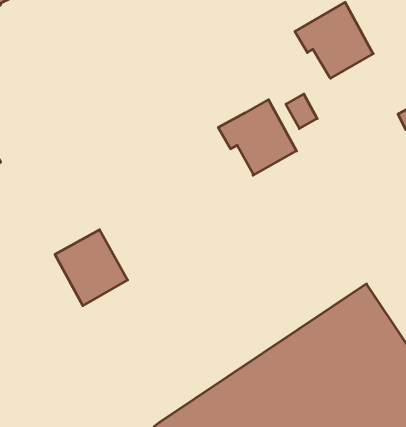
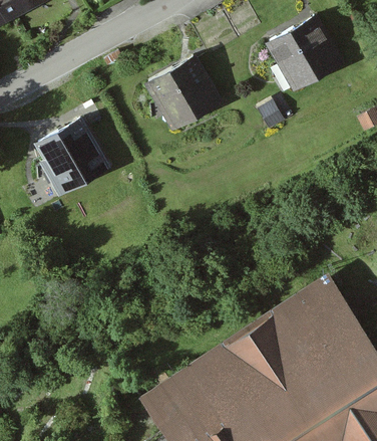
building: [218,100,297,175] -> [144,58,215,127]
building: [55,230,128,306] -> [36,123,101,191]

